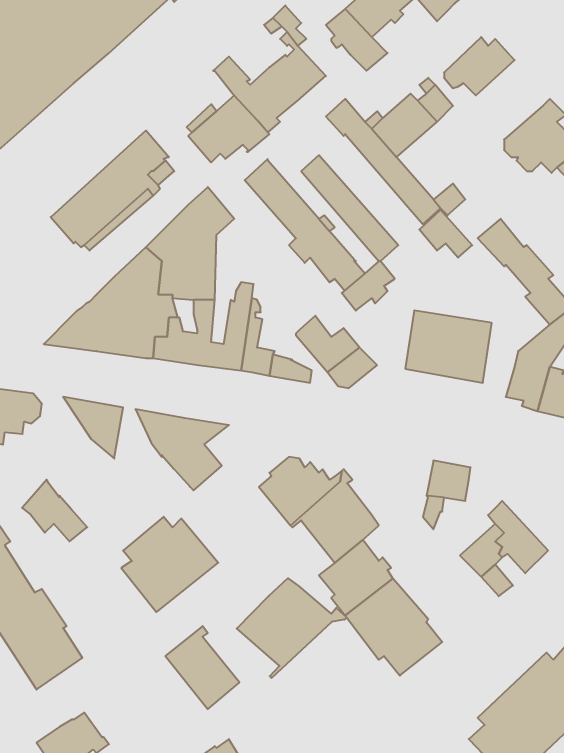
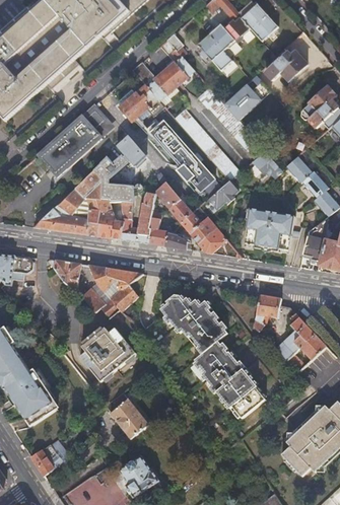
building: none -> [156,183,192,221]
building: [22,480,87,541] -> [82,282,120,317]
building: [237,578,347,678] -> none

